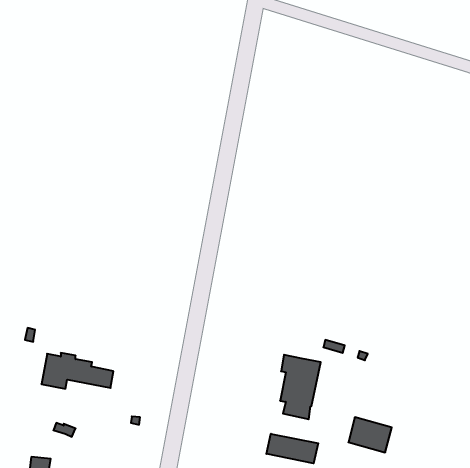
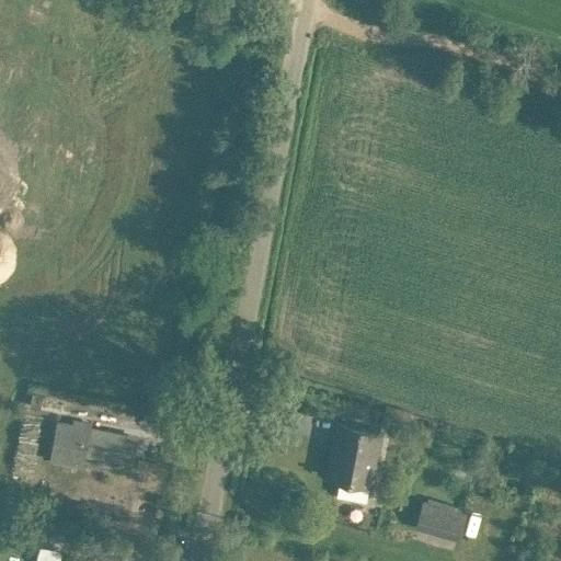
building: [266,434,318,463] -> none

